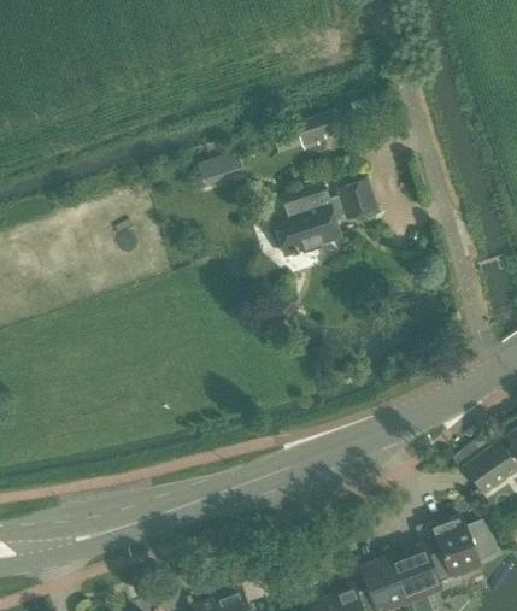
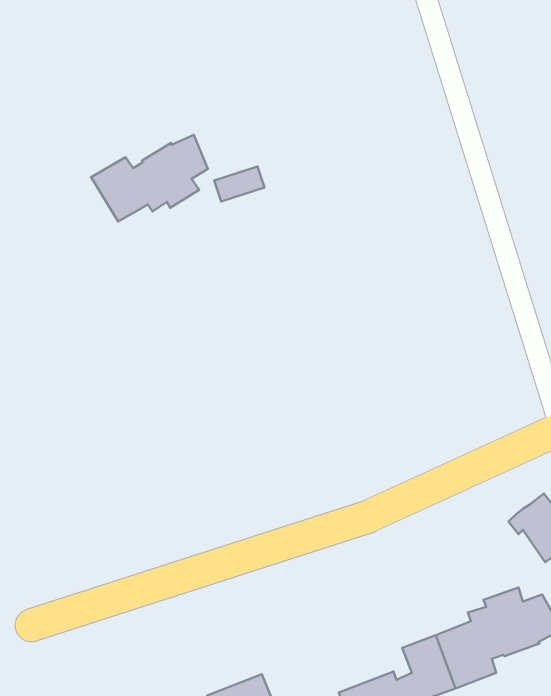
building: [298,113,341,149] -> none
building: none -> [91,135,208,222]
building: [274,182,380,259] -> none

